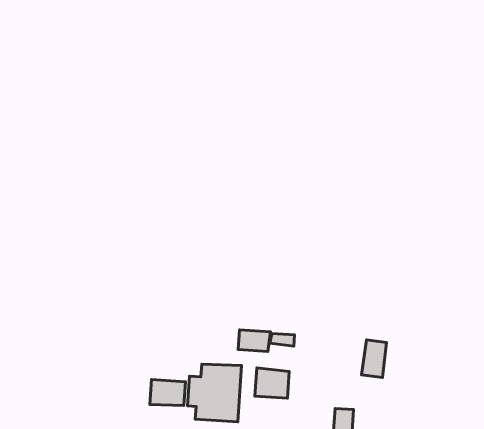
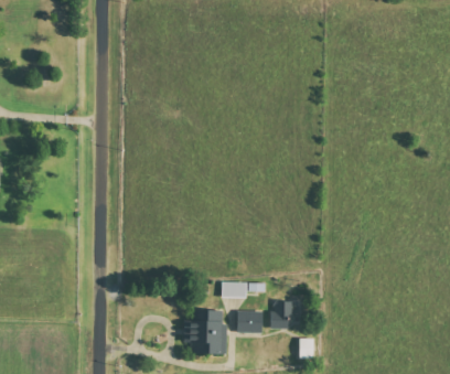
building: [362,340,386,378] -> [272,300,290,329]
building: [150,380,185,405] -> none

